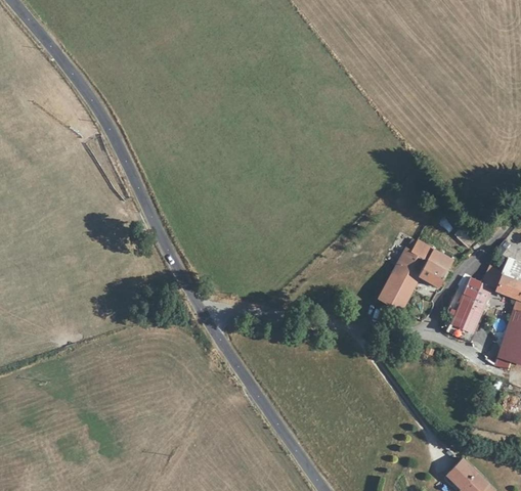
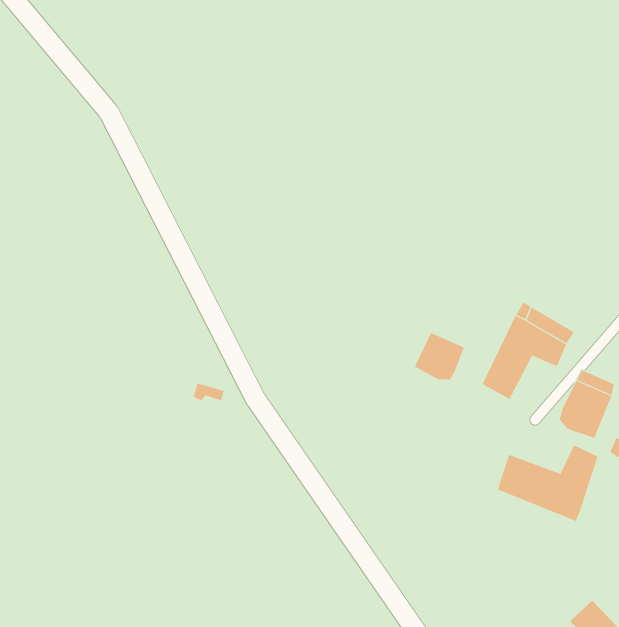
building: none -> [414,332,465,380]
building: none -> [497,444,598,522]

